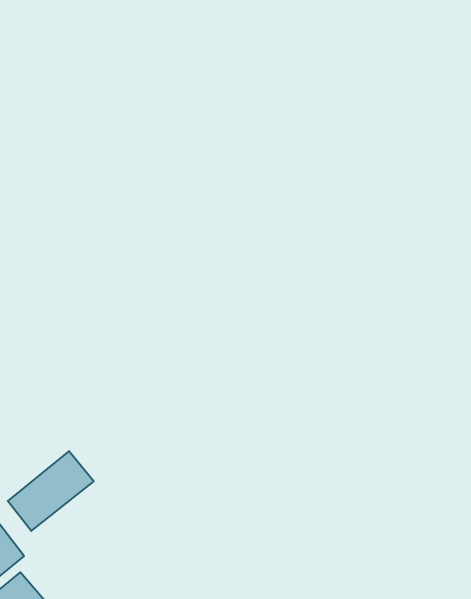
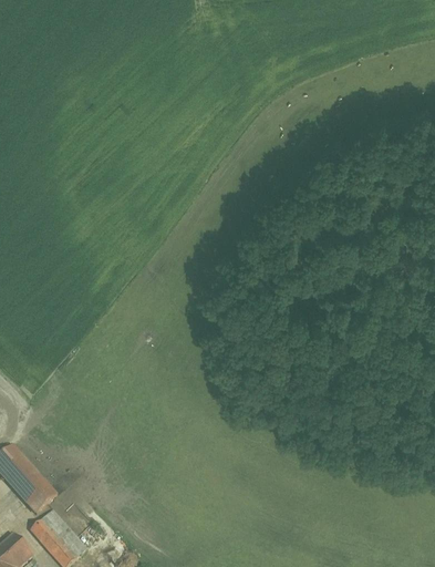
building: [8,451,94,531] -> none

